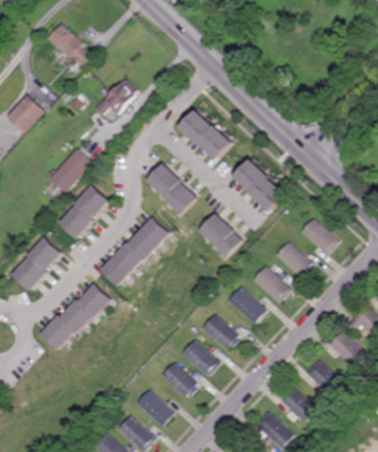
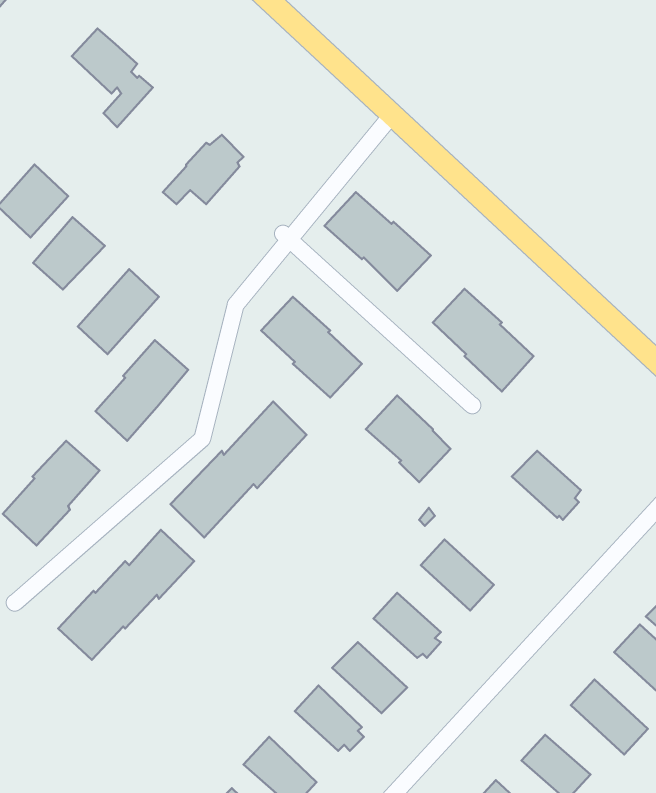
building: none -> [33,217,105,290]
building: [301,217,339,255] -> none
building: [253,266,291,304] -> none

